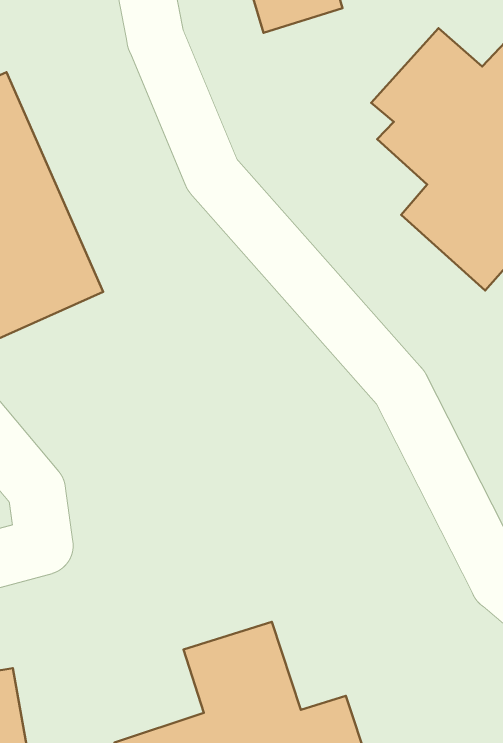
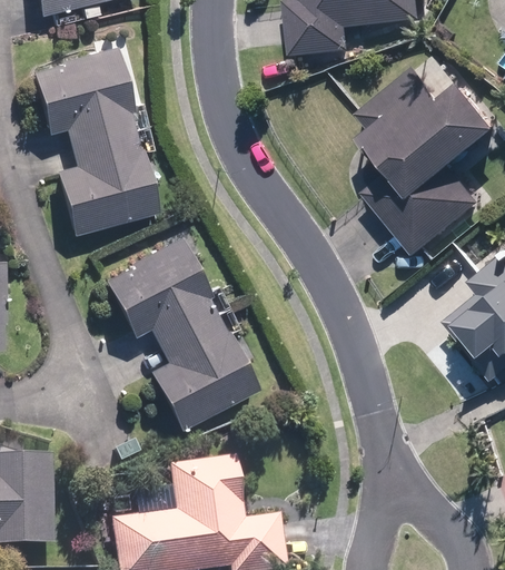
building: none -> [103,237,258,428]

